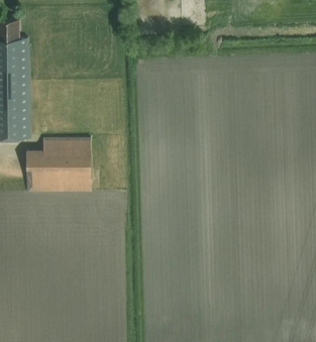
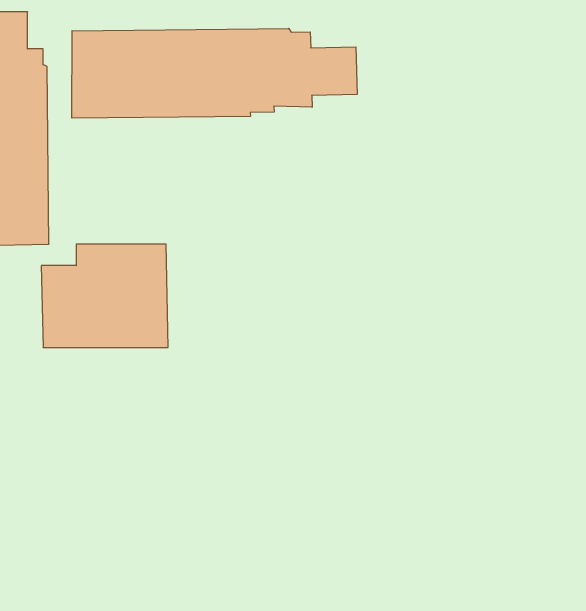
building: none -> [72,28,357,118]

